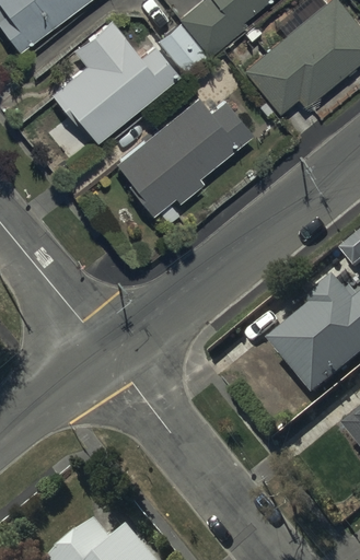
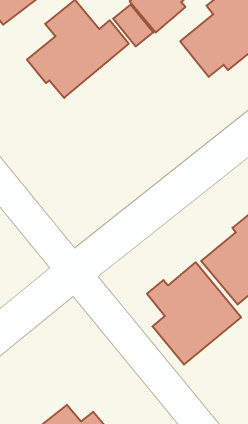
building: [116,91,251,208] -> none
building: none -> [147,262,241,365]

